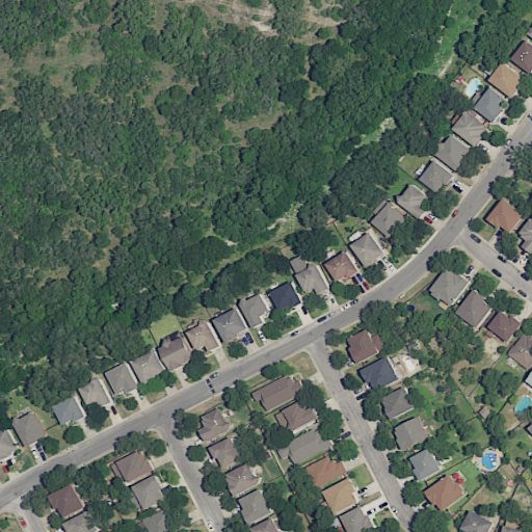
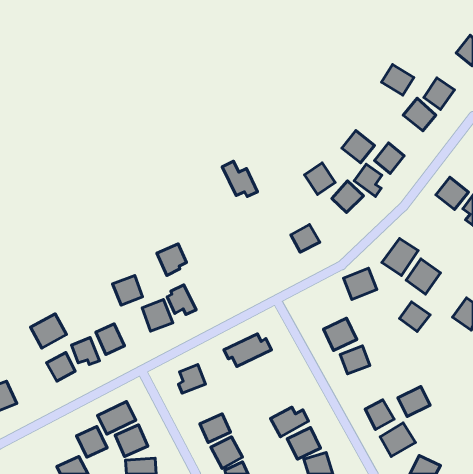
building: [487,62,524,97] -> [381,65,414,95]
building: [434,134,471,170] -> [342,131,374,163]
building: [350,232,384,267] -> [305,163,335,194]
building: [289,255,328,294] -> [222,161,258,196]
building: [269,282,301,313] -> none
building: [240,294,269,328] -> none
building: [213,309,246,344] -> [157,244,186,275]
building: [486,310,521,343] -> [400,302,430,331]
building: [346,327,383,363] -> [343,268,377,300]
building: [132,350,165,383] -> [113,276,142,305]
building: none -> [31,314,67,348]
building: [274,403,318,434] -> none
building: [12,413,46,447] -> none
building: [392,417,428,450] -> [398,387,430,416]
building: [274,429,331,464] -> none
building: [210,437,240,469] -> none
building: [49,484,83,518] -> [77,426,107,457]

